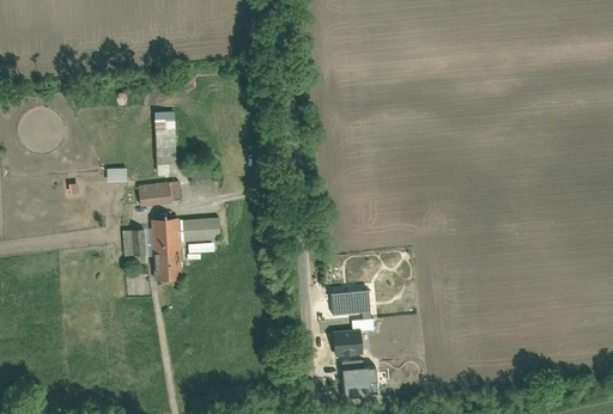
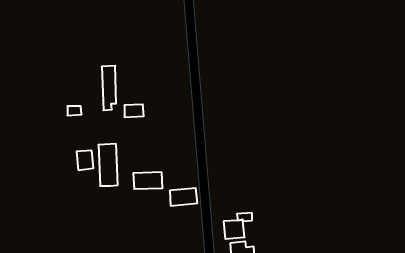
building: [138,181,181,208] -> none
building: [178,219,220,243] -> [133,172,163,189]
building: [330,290,370,315] -> [170,188,197,206]

